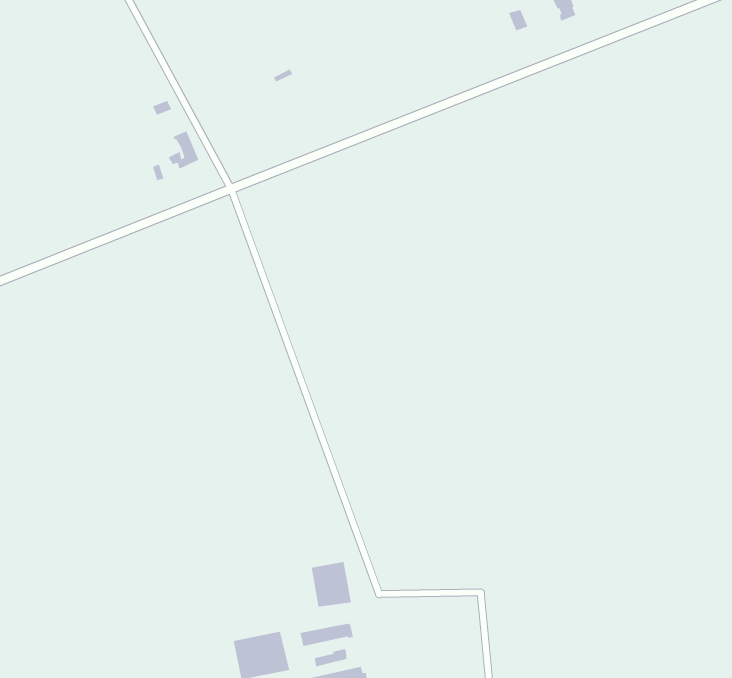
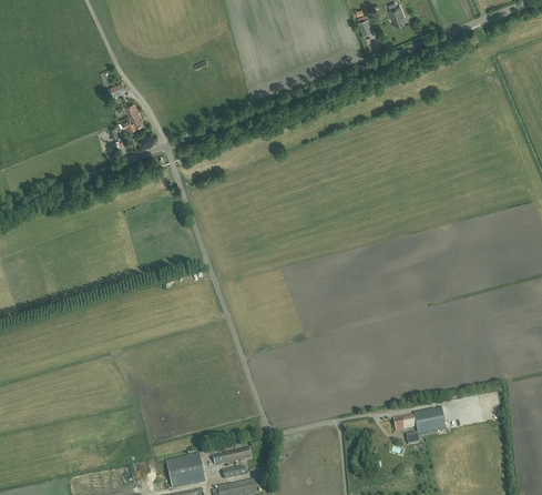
building: [311,561,352,608] -> none
building: none -> [393,406,446,444]

